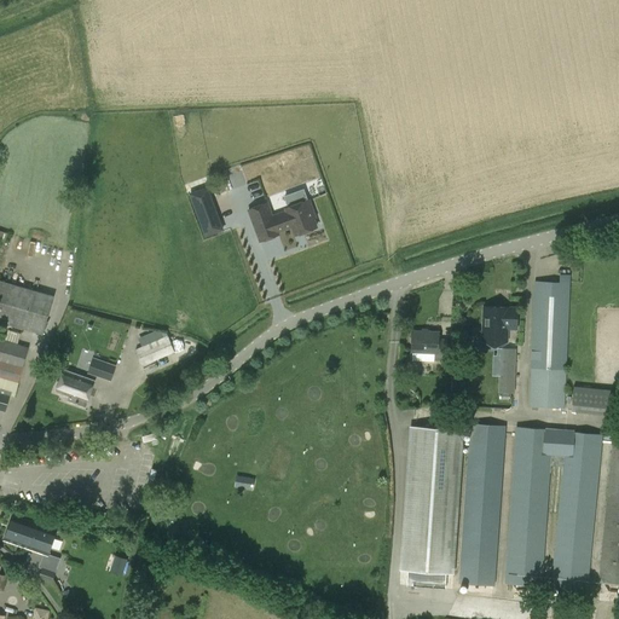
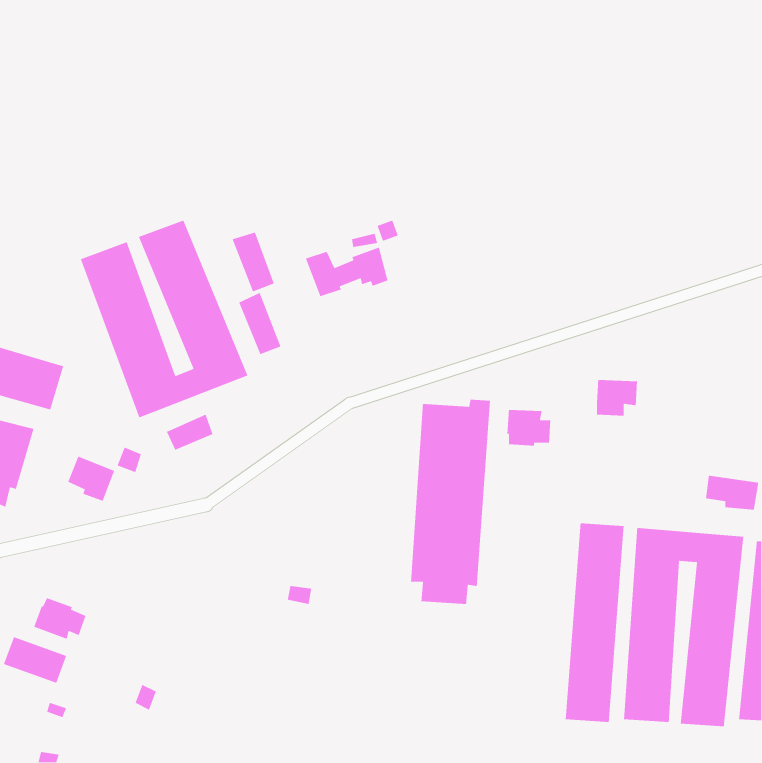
building: none -> [80,219,249,418]
building: none -> [238,292,282,355]
building: [527,274,569,407] -> none
building: [497,341,515,393] -> none
building: [398,422,463,589] -> [410,399,491,605]
building: none -> [33,597,86,640]

